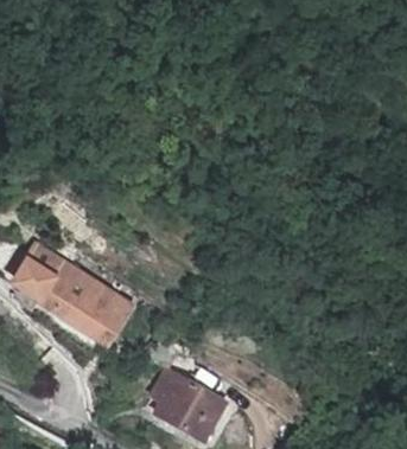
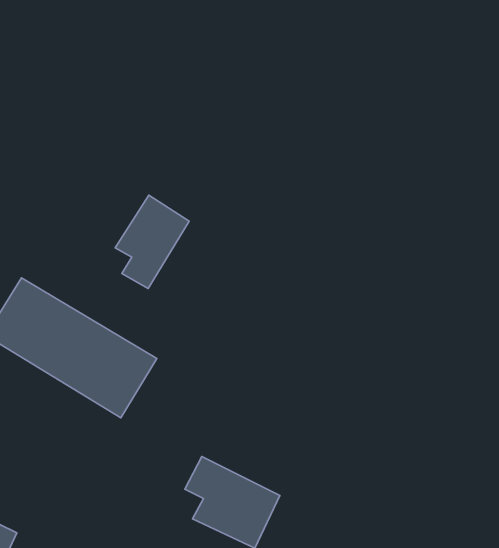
building: none -> [115,195,189,289]

